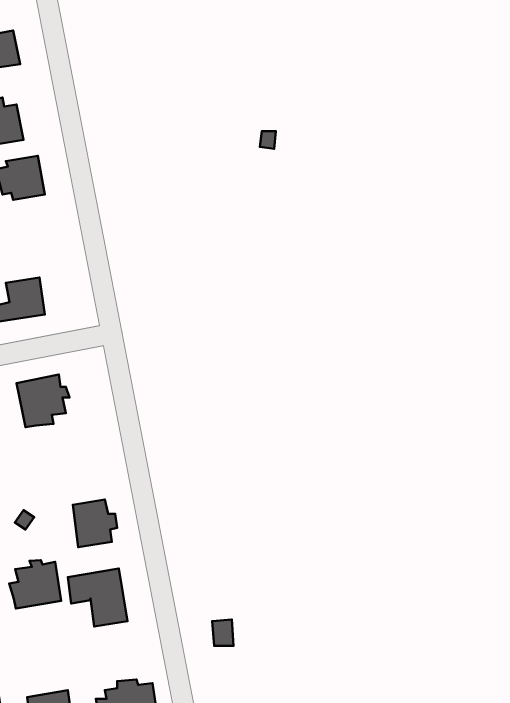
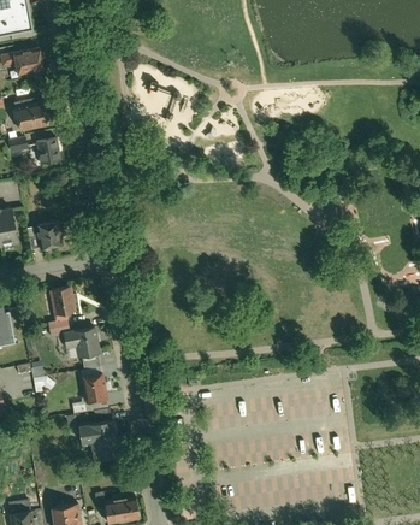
building: none -> [64,328,100,361]
building: [9,560,61,609] -> none

